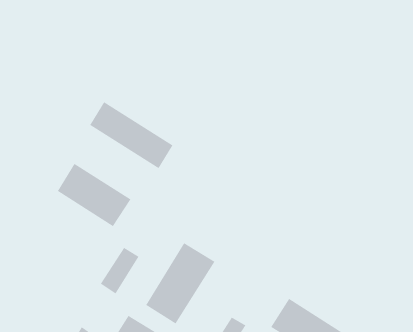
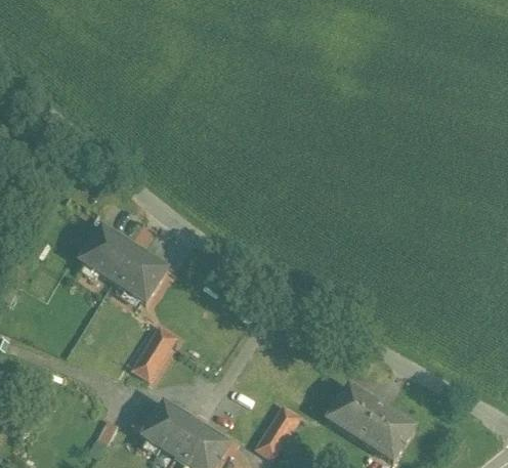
building: [89,101,173,169] -> none
building: [145,242,215,324] -> none

